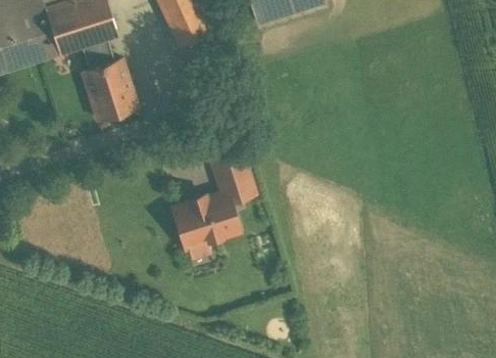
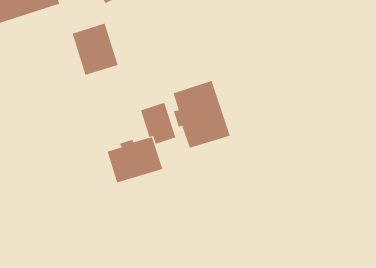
building: [85,59,139,121] -> [72,23,118,76]
building: none -> [173,80,230,149]

